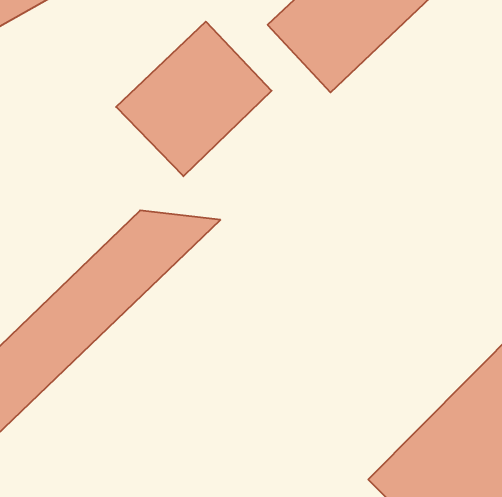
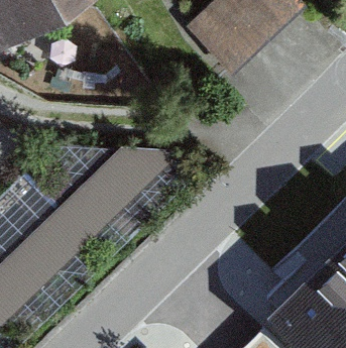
building: [116,22,272,176] -> none

